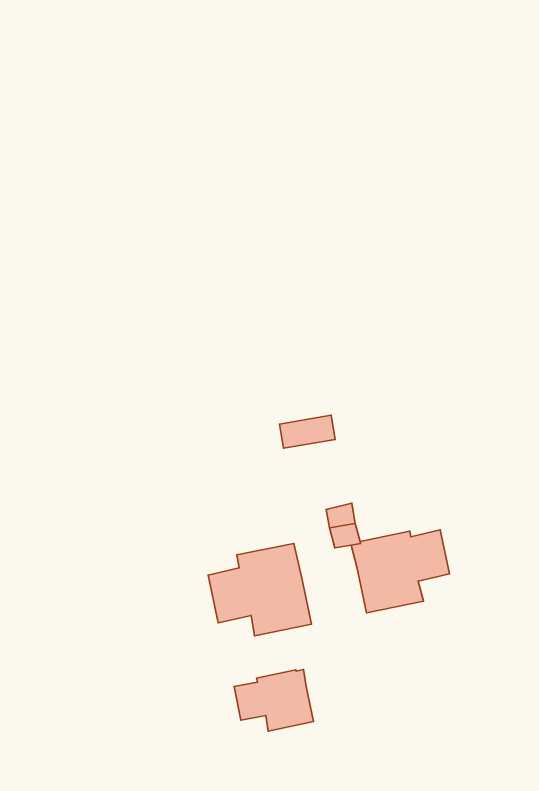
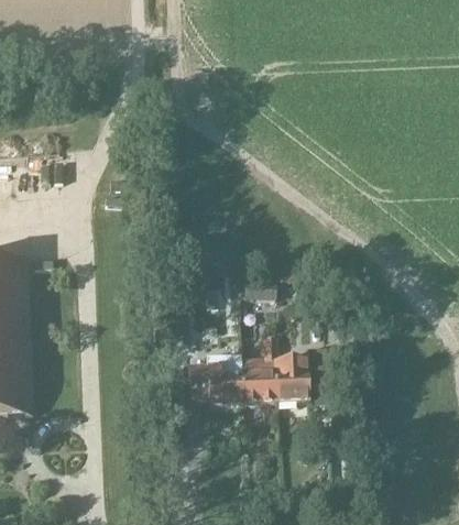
building: none -> [242,370,276,398]
building: [234,669,313,731] -> none

